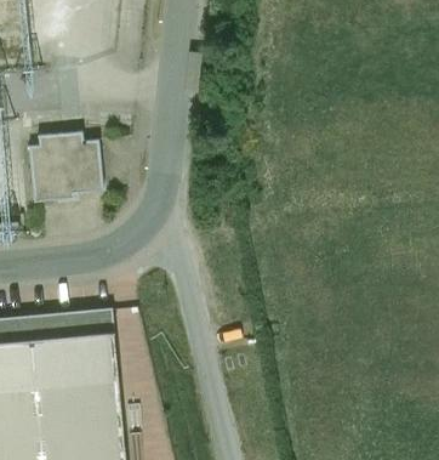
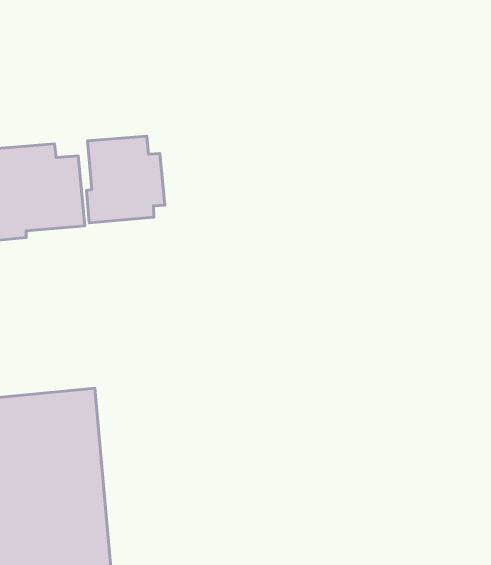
building: none -> [86,136,165,223]

